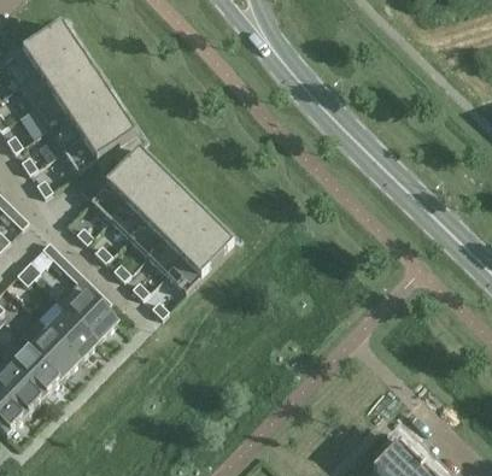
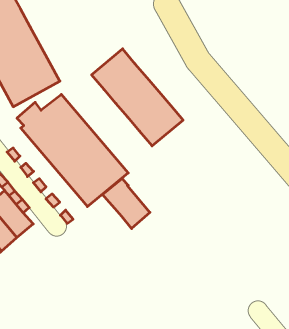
building: none -> [92,49,183,146]
building: none -> [103,178,150,229]

